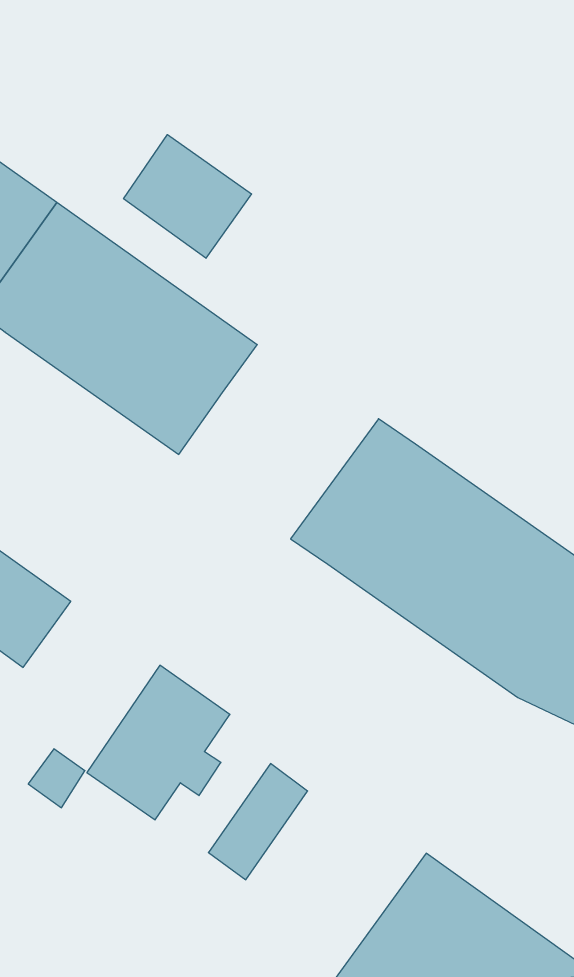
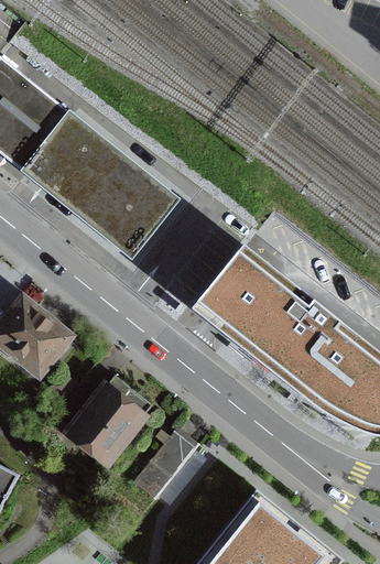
building: [124,135,252,258] -> none

